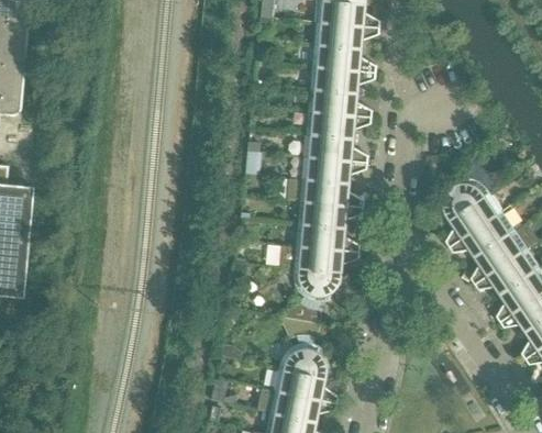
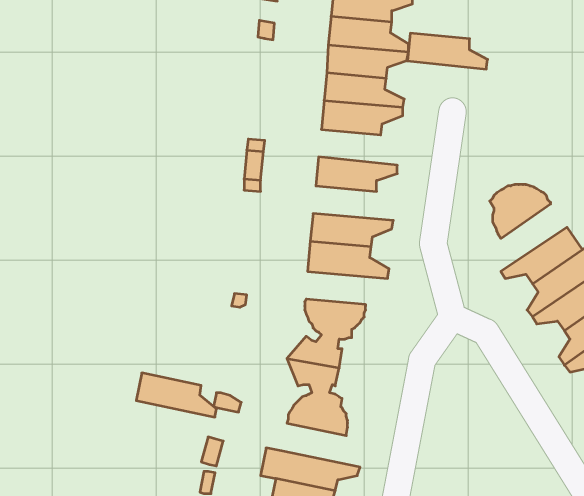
building: [305,136,368,165] -> [407,33,488,69]
building: [288,180,364,209] -> none
building: [445,196,502,249] -> none
building: [280,248,360,276] -> none
building: [275,370,339,406] -> [136,373,216,417]

